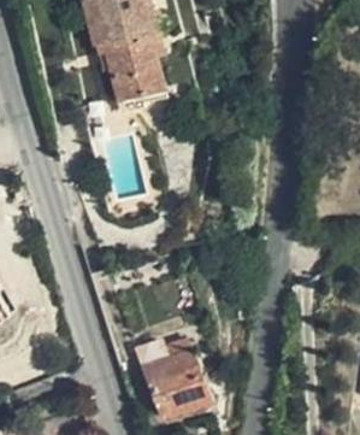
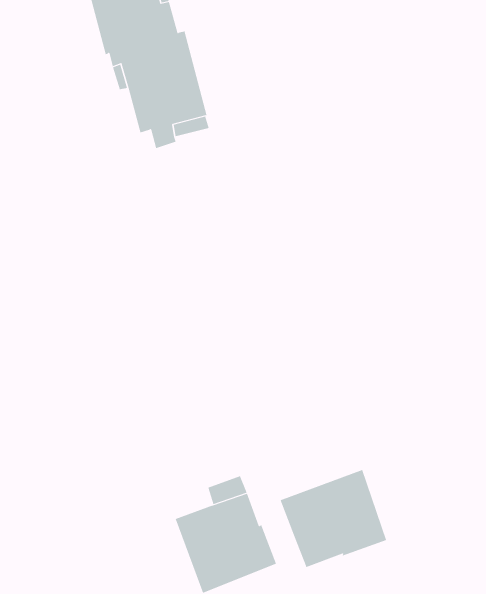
building: none -> [280,469,387,568]

